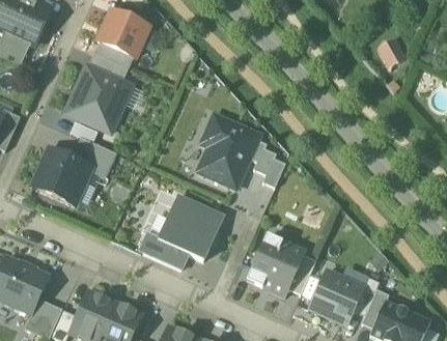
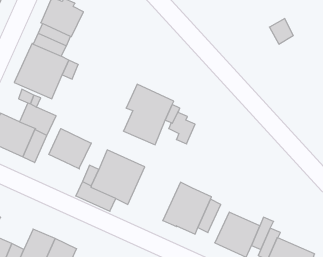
building: none -> [49,129,91,169]

